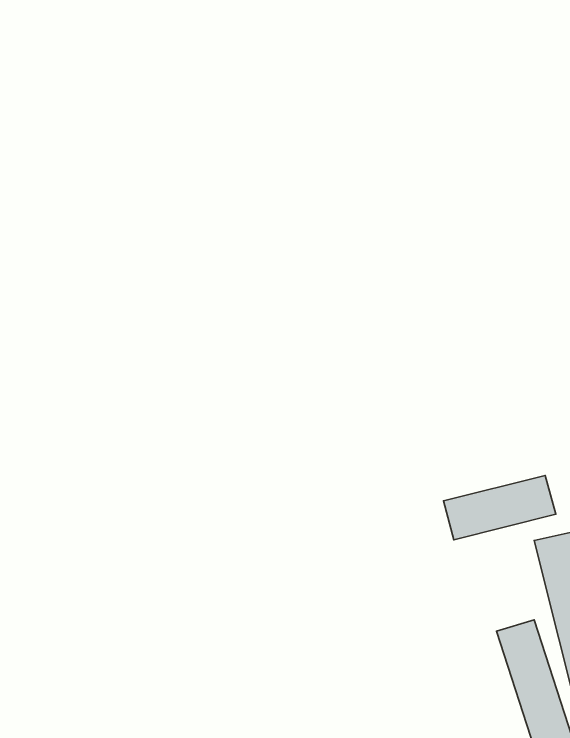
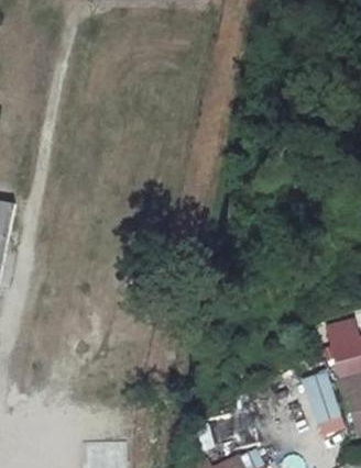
building: [443,475,556,540] -> none

